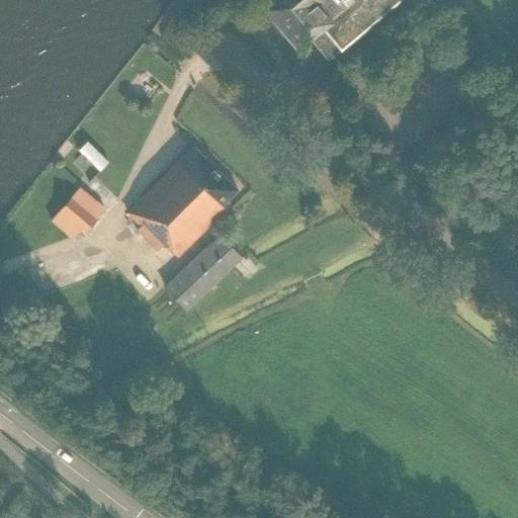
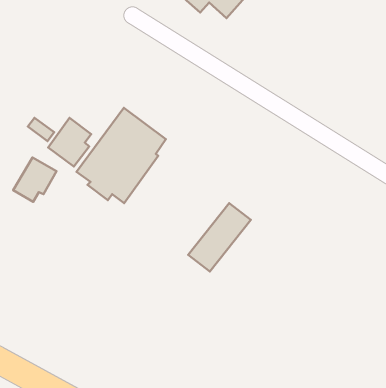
building: none -> [48,118,91,167]
building: [165,234,244,310] -> [188,203,251,272]

